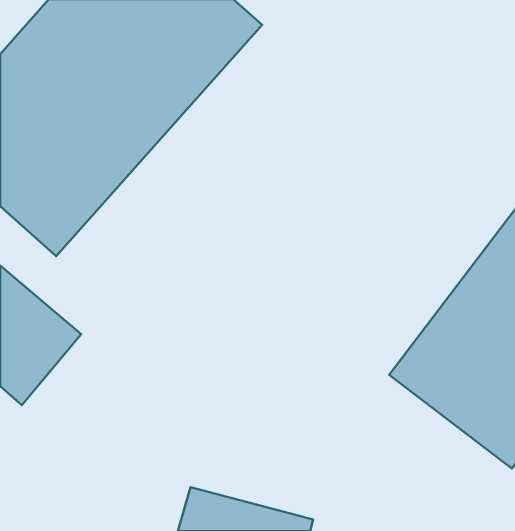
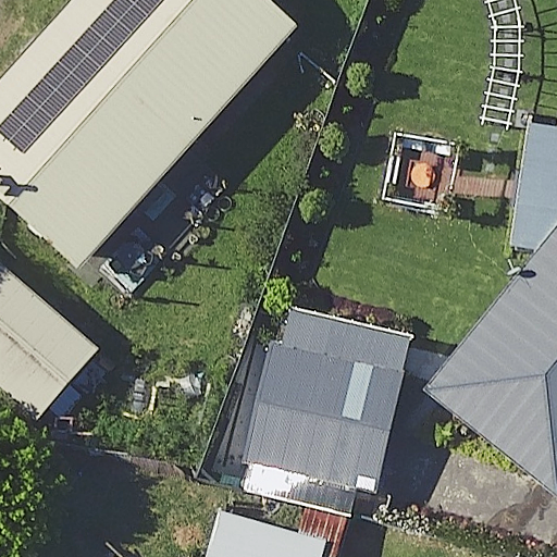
building: none -> [236,338,401,491]

